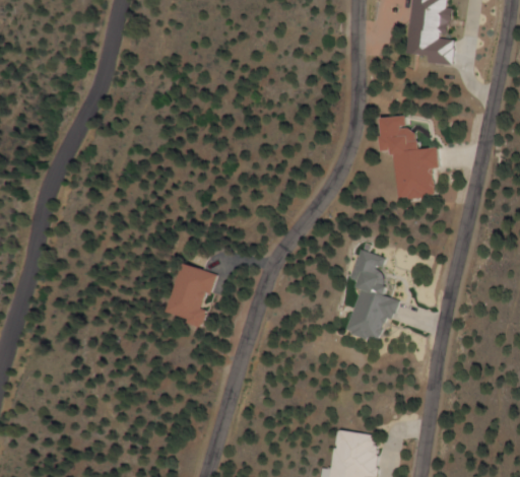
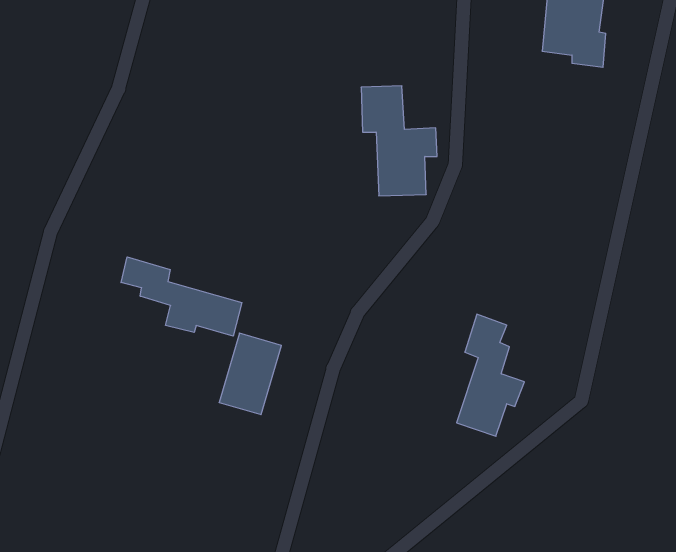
building: [384,116,441,198] -> [361,86,437,196]
building: none -> [121,257,242,336]

